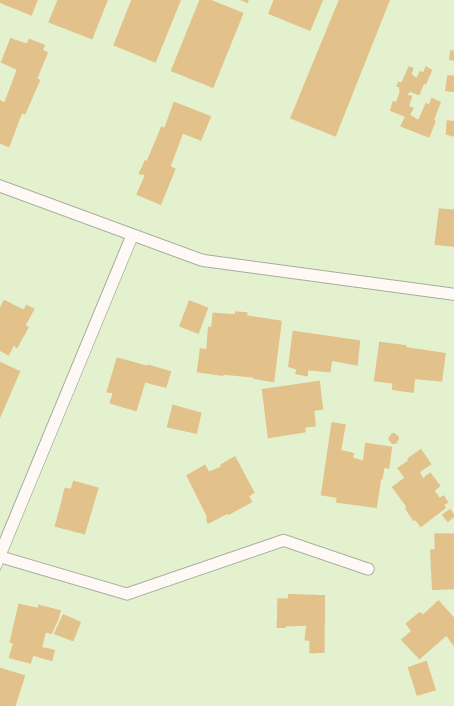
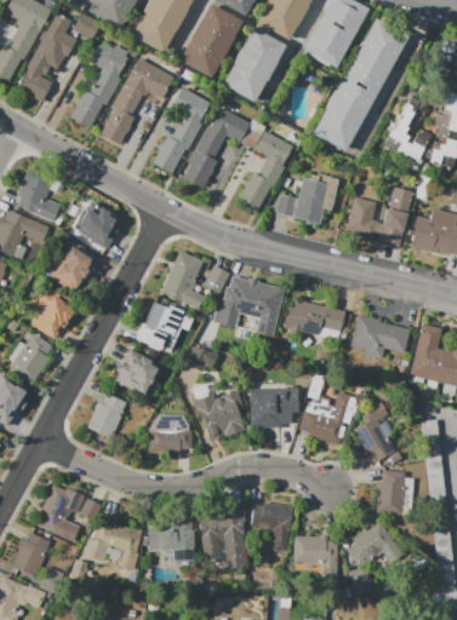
building: none -> [99,57,179,144]
building: none -> [152,86,212,173]
building: none -> [238,130,293,209]
building: none -> [275,172,339,224]
building: none -> [347,185,413,246]
building: none -> [80,201,127,251]
building: none -> [161,249,205,310]
building: [261,380,324,439] -> [251,386,298,427]
building: none -> [114,354,159,396]
building: none -> [148,414,192,453]
building: none -> [199,507,247,567]
building: none -> [293,533,338,576]
building: none -> [159,519,196,561]
building: none -> [84,517,144,569]

